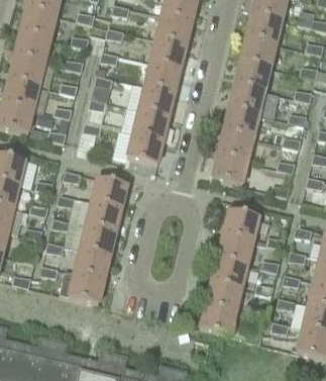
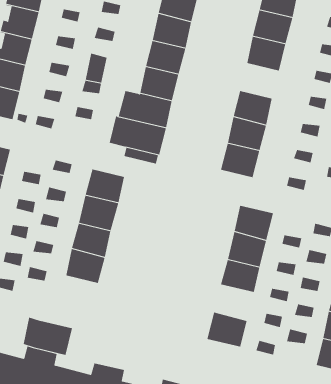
building: [228,85,263,116] -> none
building: [59,271,103,305] -> [23,317,73,356]
building: [205,282,241,314] -> none

